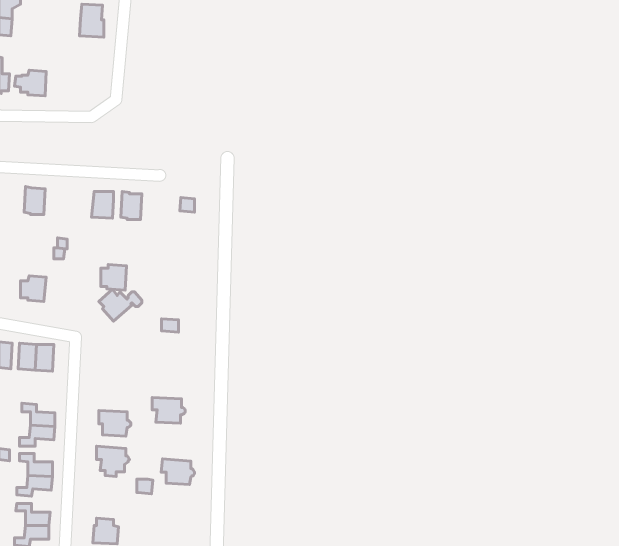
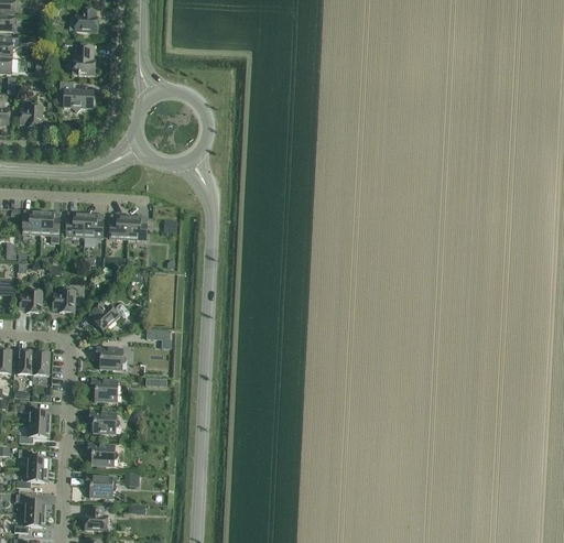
building: none -> [59,80,93,110]
building: none -> [40,210,59,242]
building: none -> [65,210,85,236]
building: none -> [127,215,147,239]
building: [101,264,127,290] -> [52,289,75,312]
building: none -> [95,346,124,369]
building: [152,398,185,423] -> [90,378,120,401]
building: [161,459,194,484] -> [85,474,115,497]

